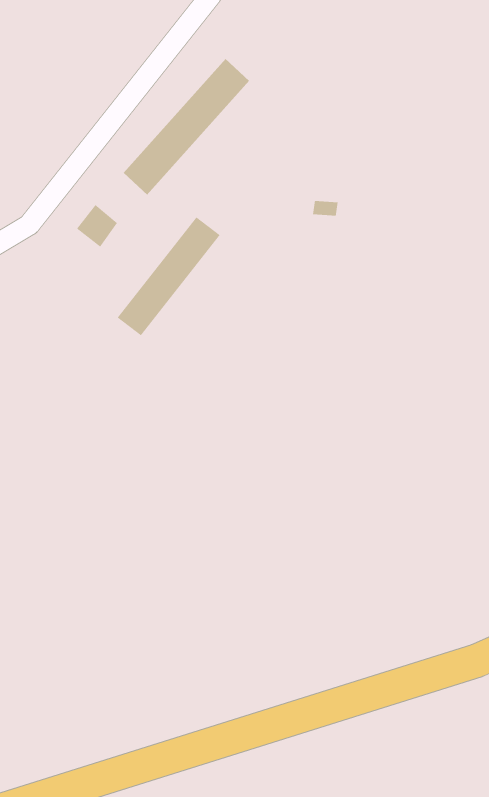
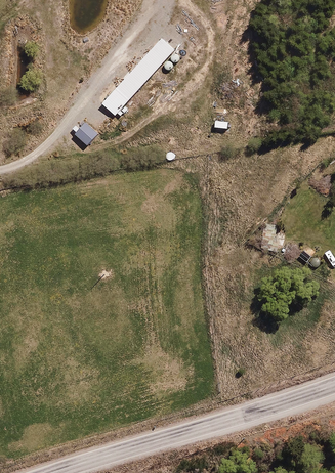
building: [117,216,221,336] -> none

